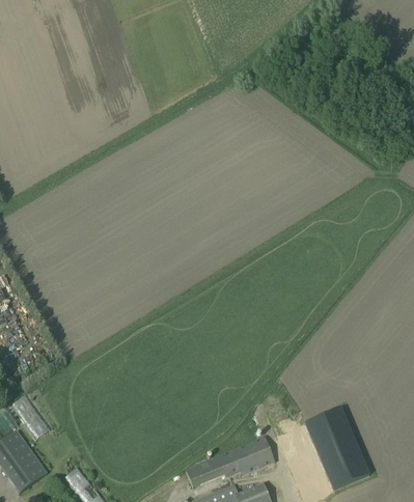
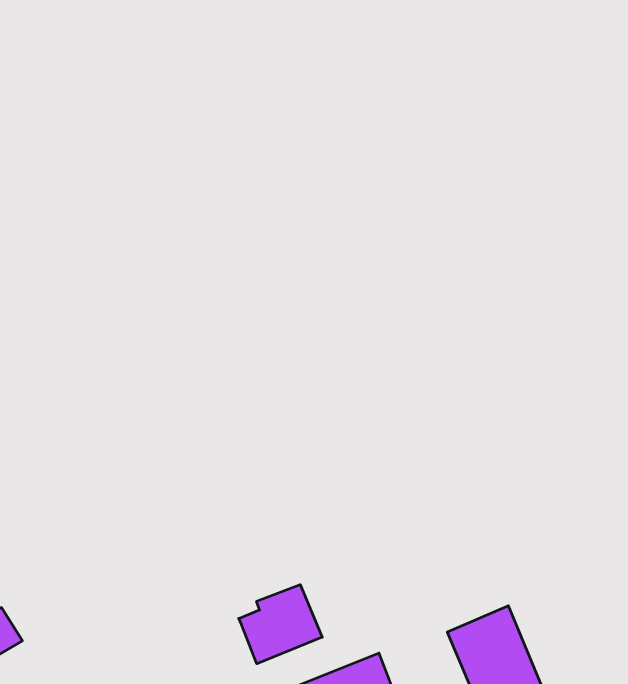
building: none -> [239,585,322,664]

